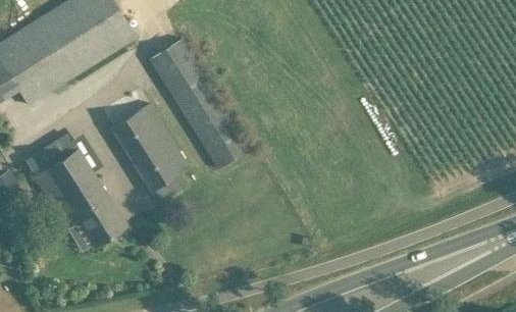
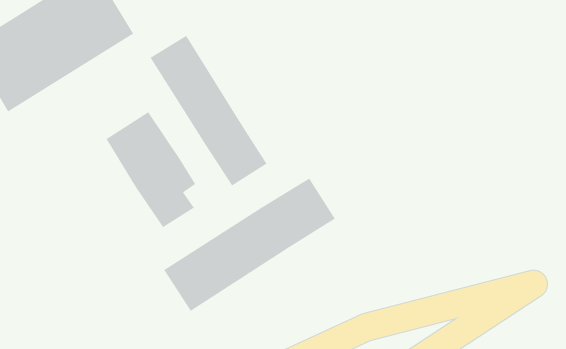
building: [35,134,125,245] -> none
building: none -> [163,177,336,312]

